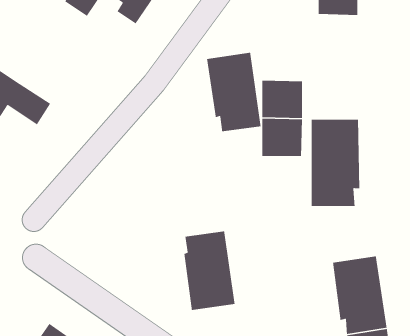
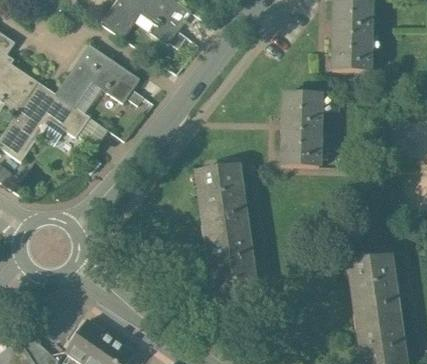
building: none -> [334,34,372,70]
building: none -> [55,43,139,107]
building: [206,52,262,132] -> [198,164,249,238]
building: [311,119,360,207] -> none

